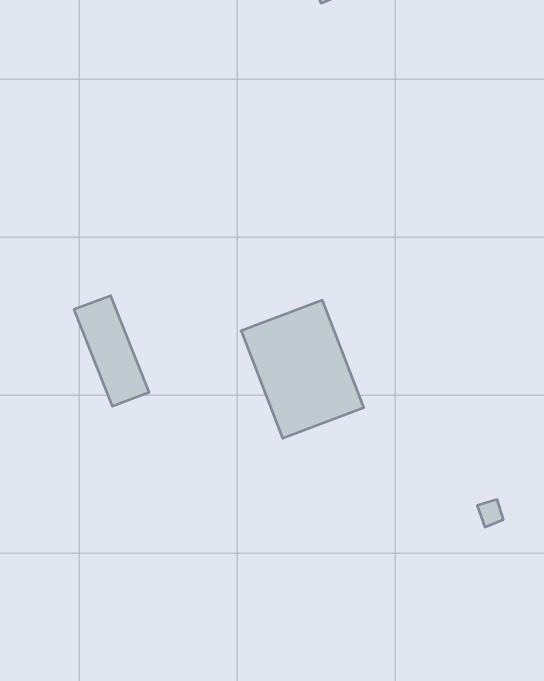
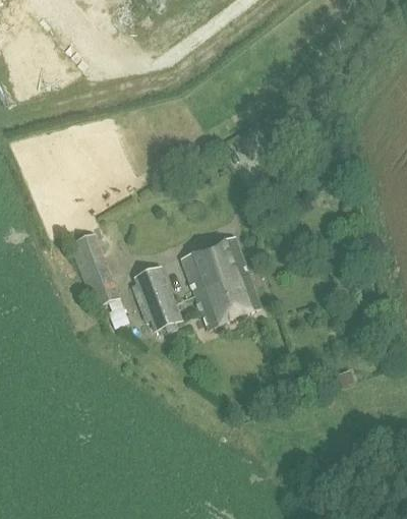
building: none -> [130,264,180,328]

